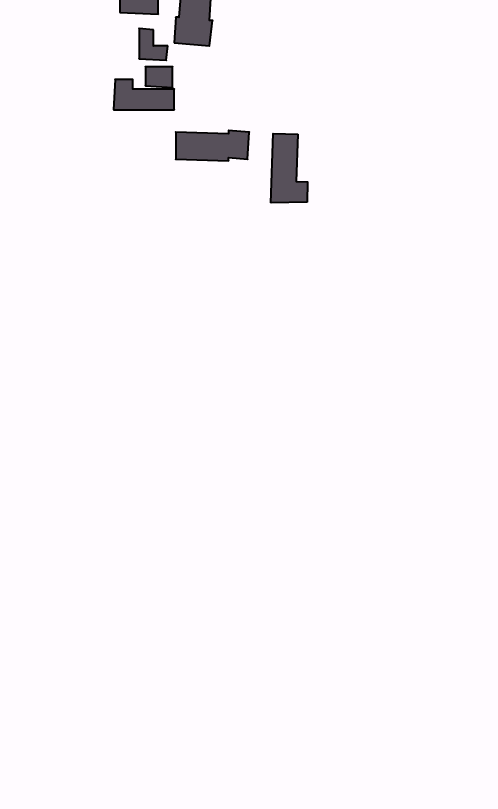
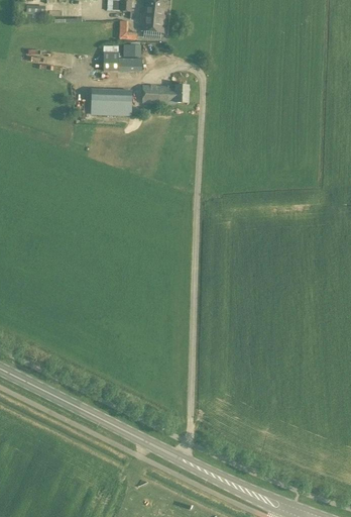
building: [271,134,308,203] -> none
building: none -> [91,88,132,115]

